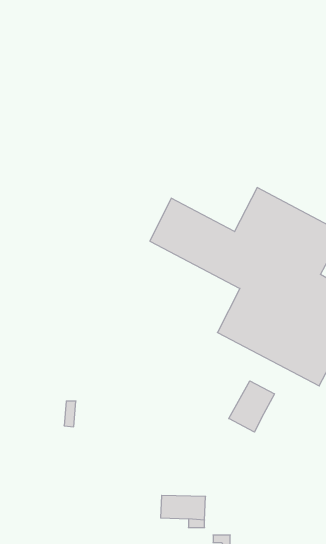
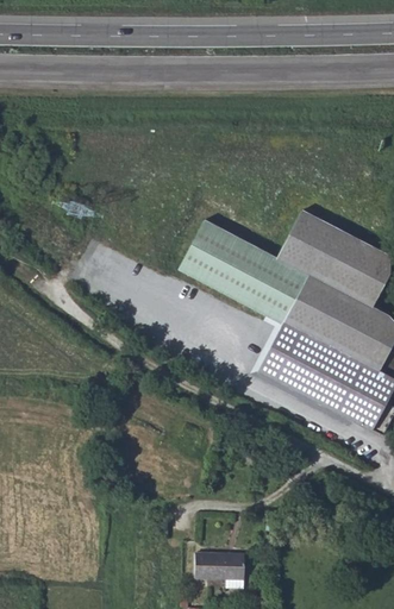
building: [229,381,274,432] -> none

